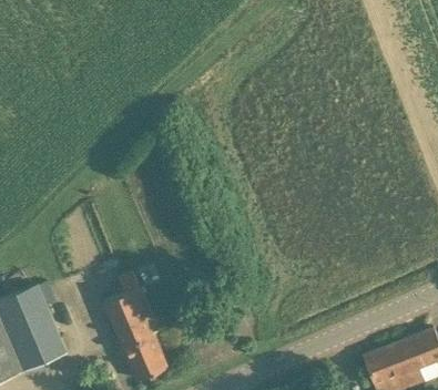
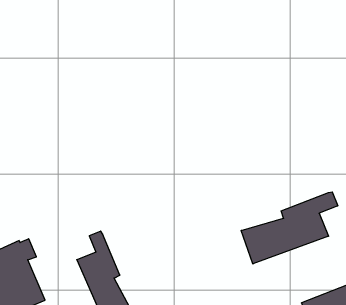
building: none -> [241,192,338,264]

